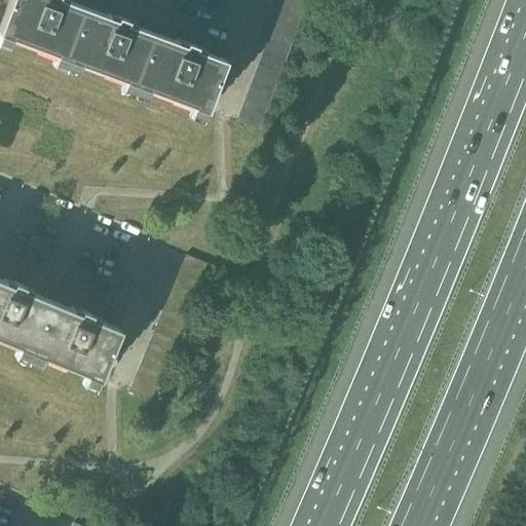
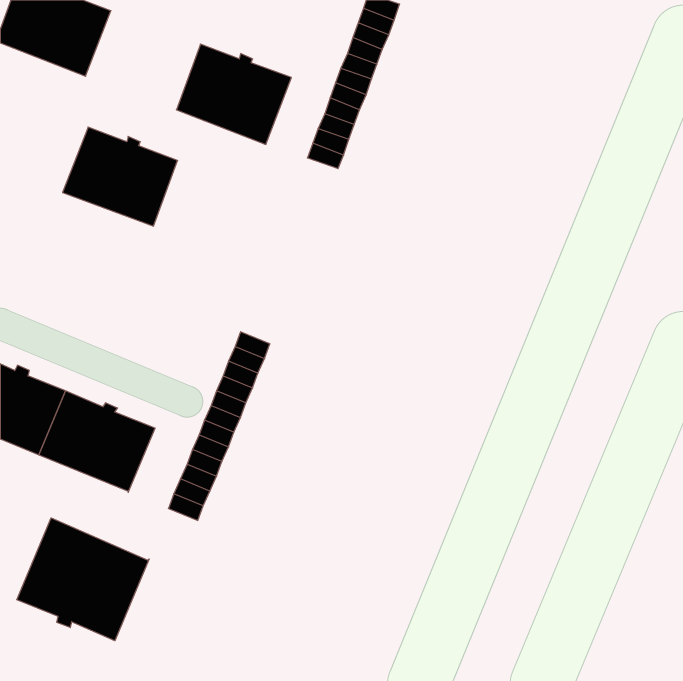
building: [66,10,154,86] -> [63,127,178,226]
building: none -> [17,518,149,641]

